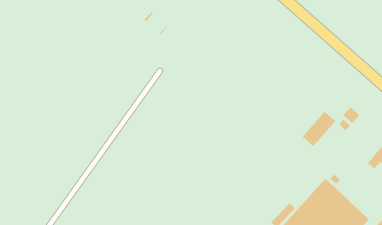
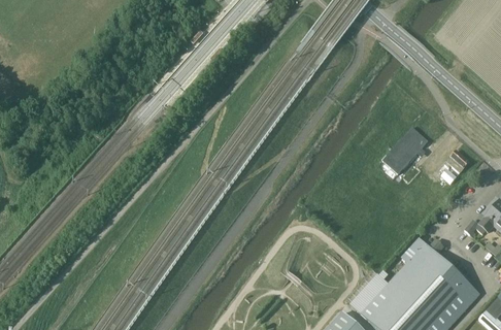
building: [302,111,336,147] -> [382,127,427,173]

